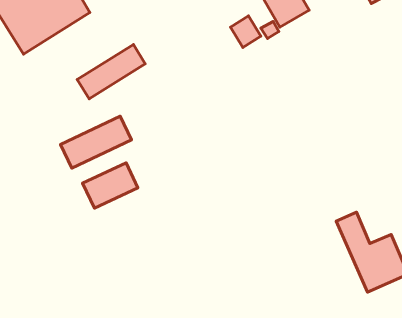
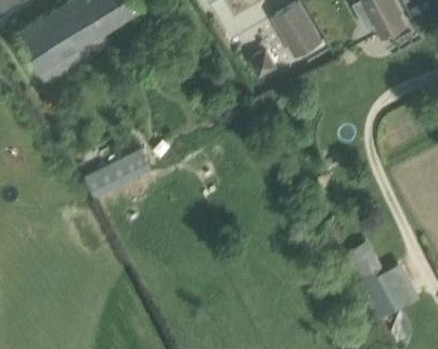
building: [77,44,145,99] -> none
building: [83,163,138,208] -> none

